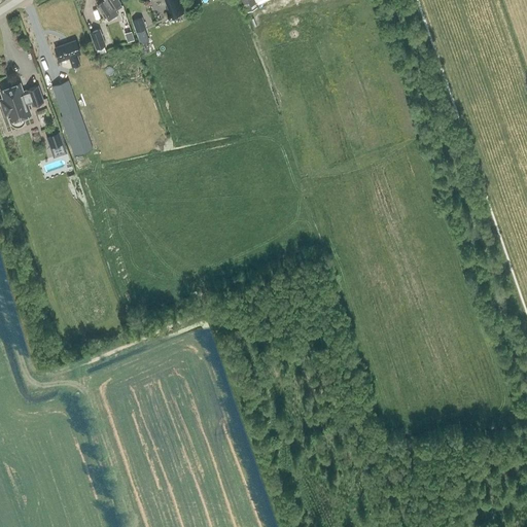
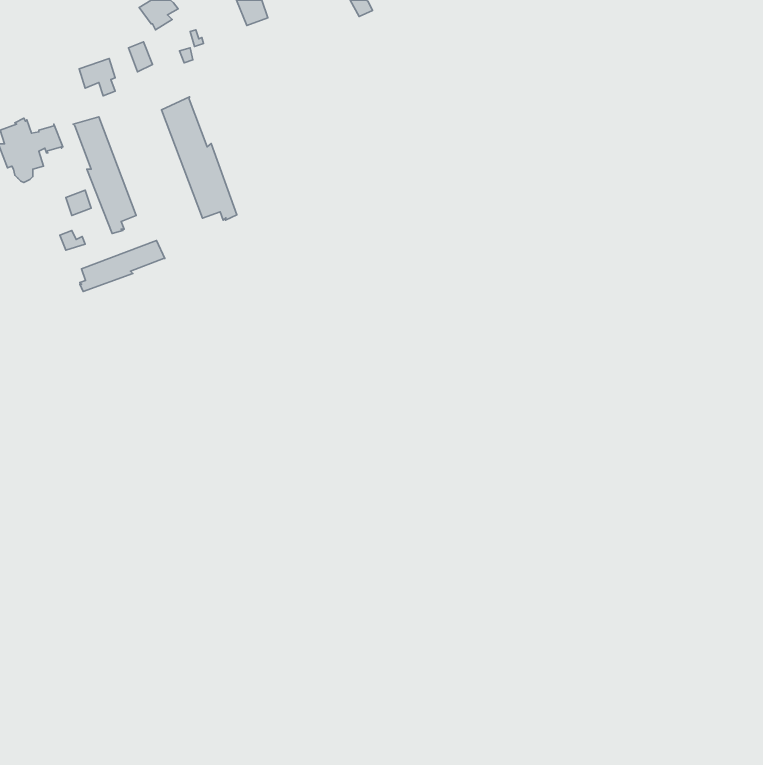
building: none -> [162,97,237,220]
building: none -> [80,241,165,291]

